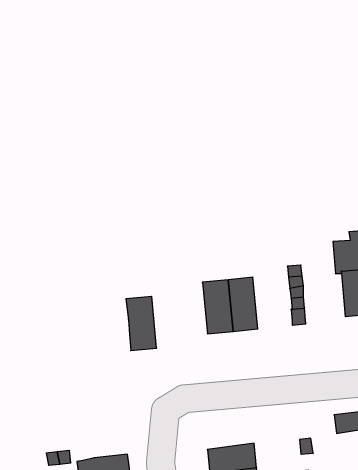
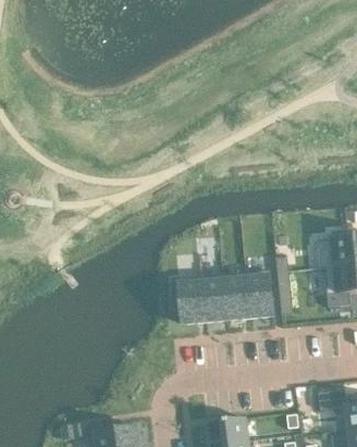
building: none -> [247,269,274,316]
building: [126,296,157,351] -> [180,275,207,323]

